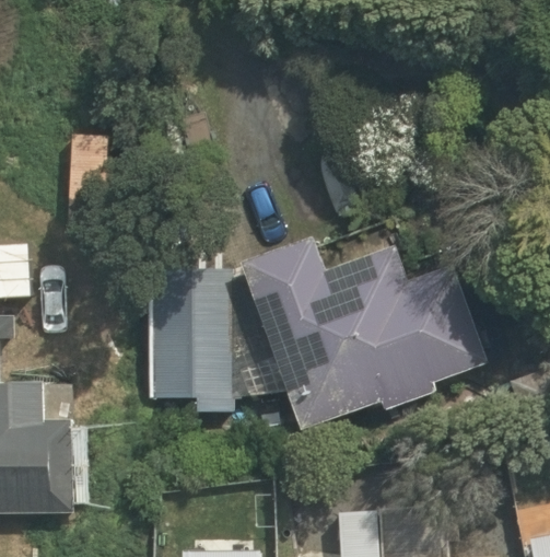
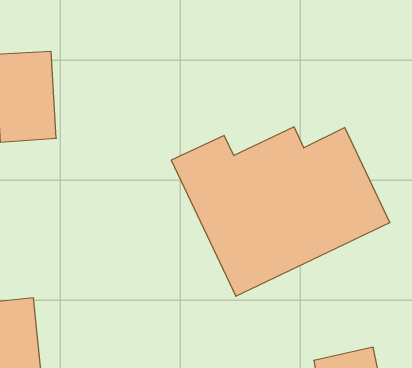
building: [143,312,231,398] -> none

